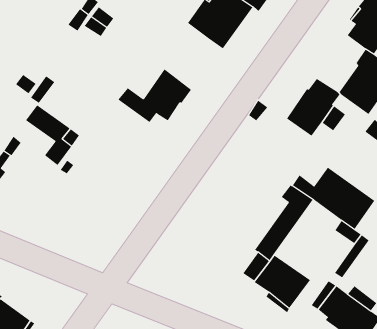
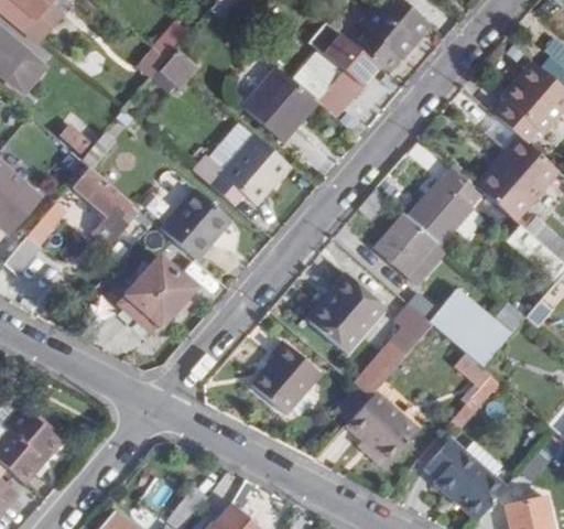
building: none -> [241,67,317,143]
building: none -> [207,121,257,173]
building: none -> [160,190,230,260]
building: none -> [375,212,444,281]
building: none -> [307,273,381,349]
building: none -> [116,257,193,335]
building: none -> [251,341,321,412]

